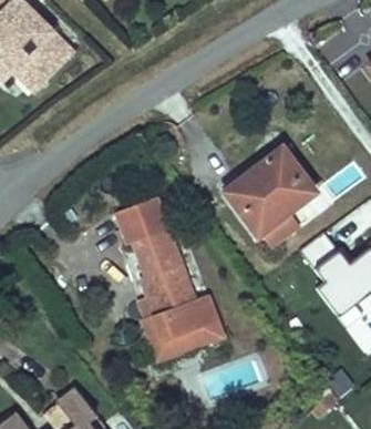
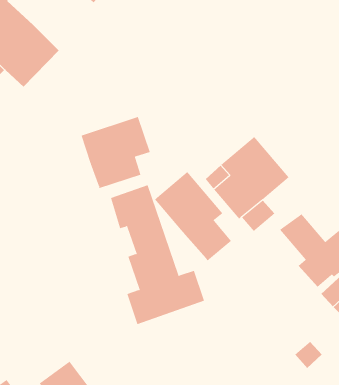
building: none -> [81,116,150,189]
building: none -> [154,171,232,261]

